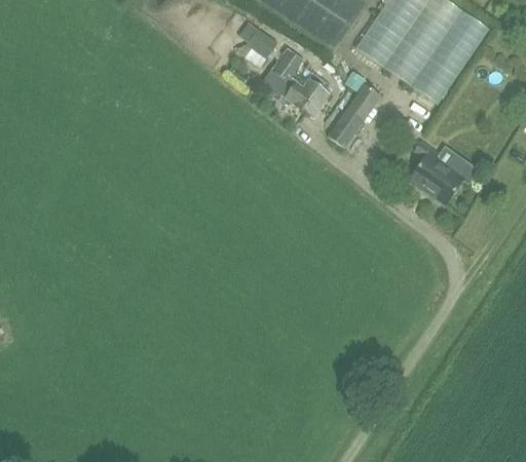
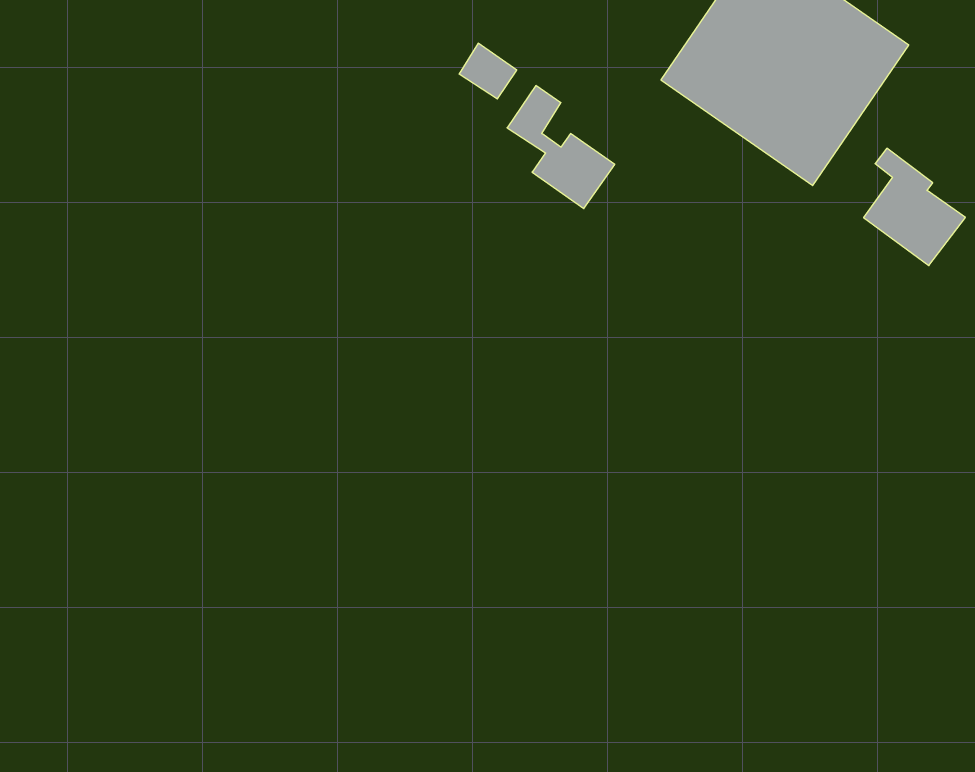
building: [326,82,382,149] -> none
building: [409,140,463,202] -> [864,148,965,266]

